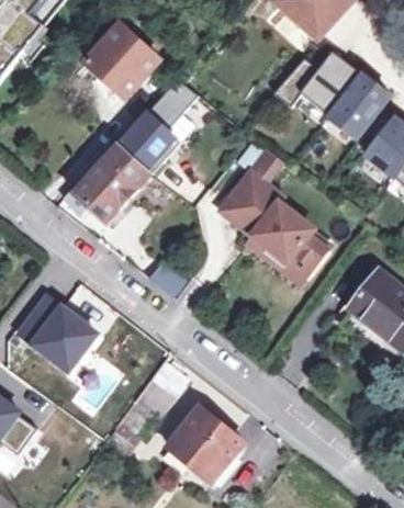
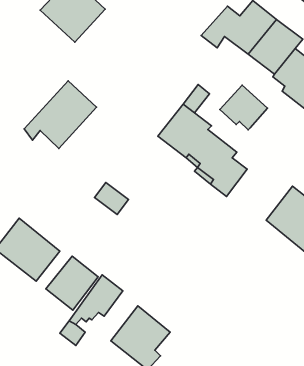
building: [116,78,199,174] -> none
building: none -> [220,85,267,130]
building: none -> [46,256,98,310]

